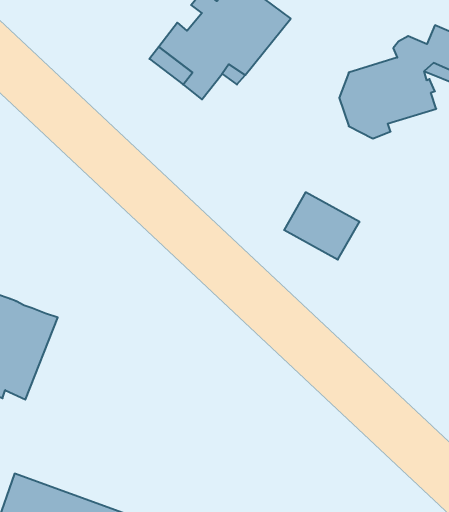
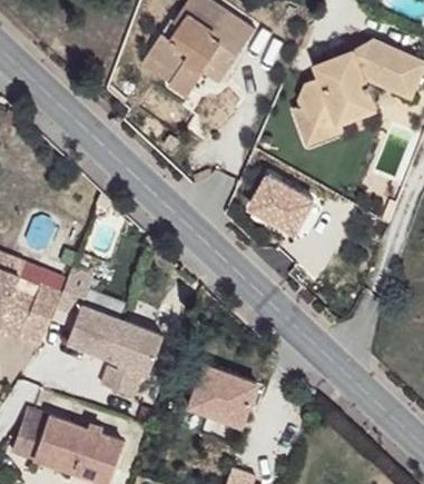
building: none -> [53,267,160,403]
building: none -> [186,358,258,426]

